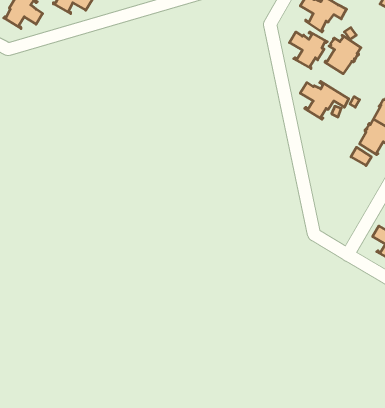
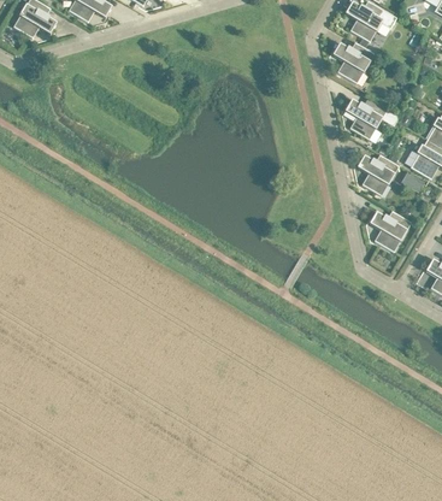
building: [325,35,361,74] -> none
building: none -> [356,154,399,195]
building: none -> [370,211,411,252]

